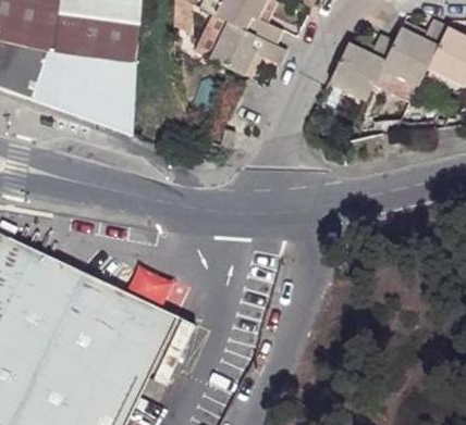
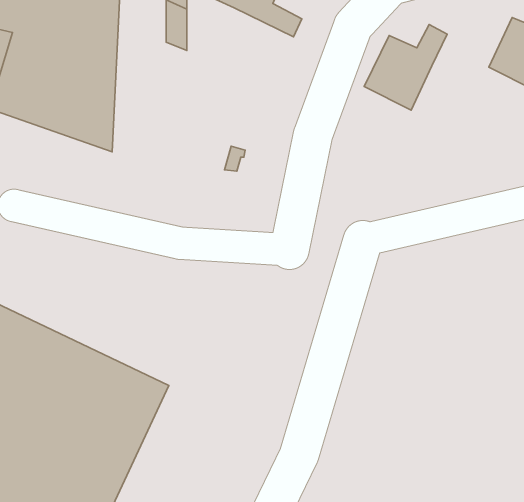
building: [383,18,447,85] -> none
building: [209,20,286,74] -> none

